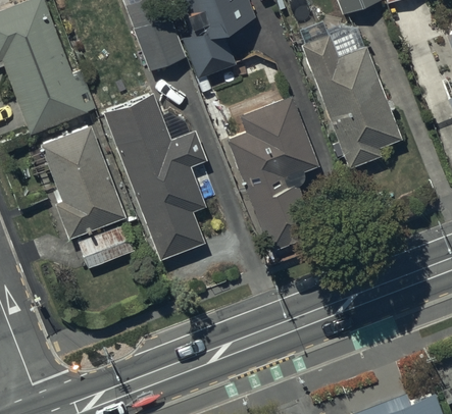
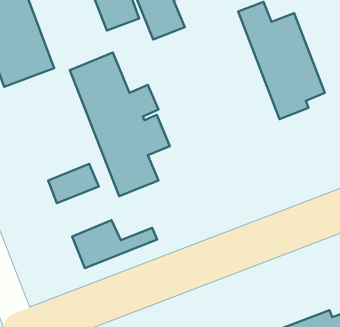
building: [227,95,319,254] -> none
building: [41,124,127,239] -> none
building: none -> [72,220,157,268]

